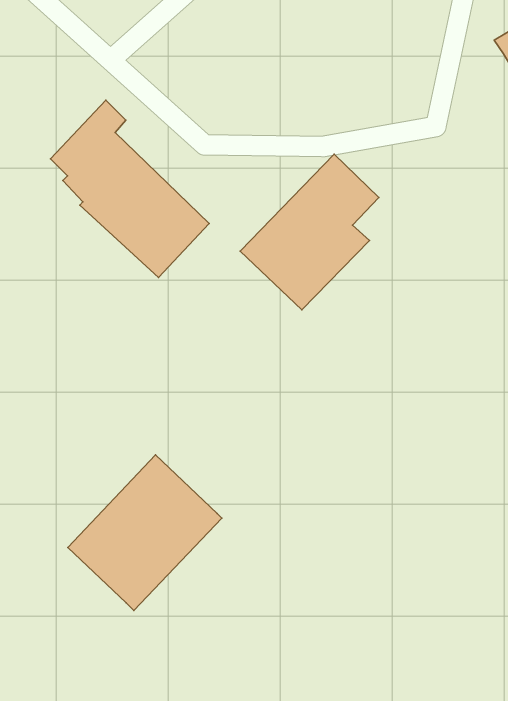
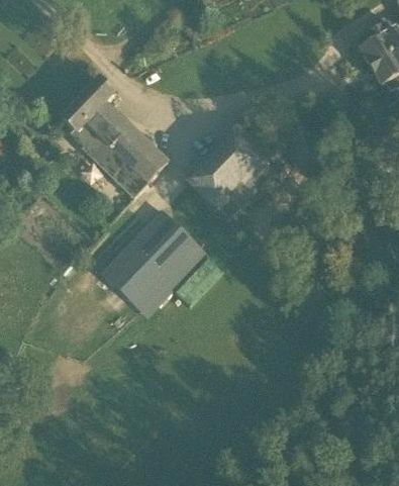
building: [68,455,222,611] -> [103,213,204,315]

